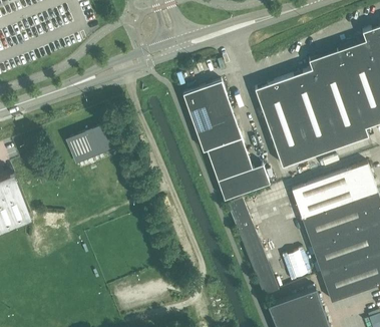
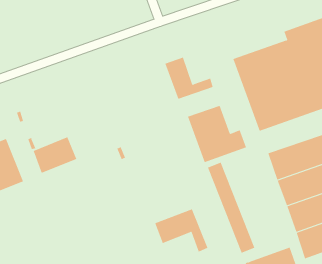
building: [203,81,232,116] -> none
building: [197,119,242,151] -> none
building: [67,125,114,165] -> [33,137,77,173]
building: none -> [154,209,208,253]

